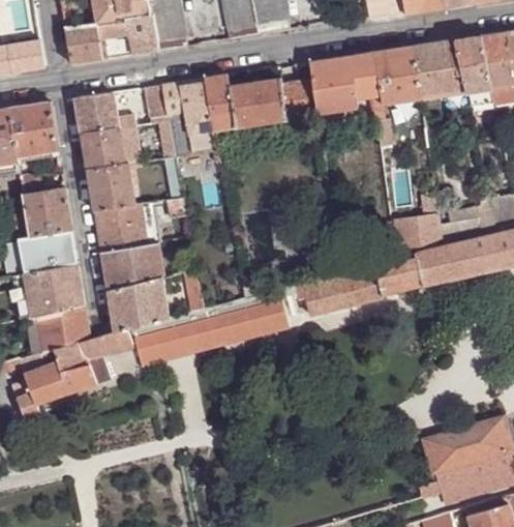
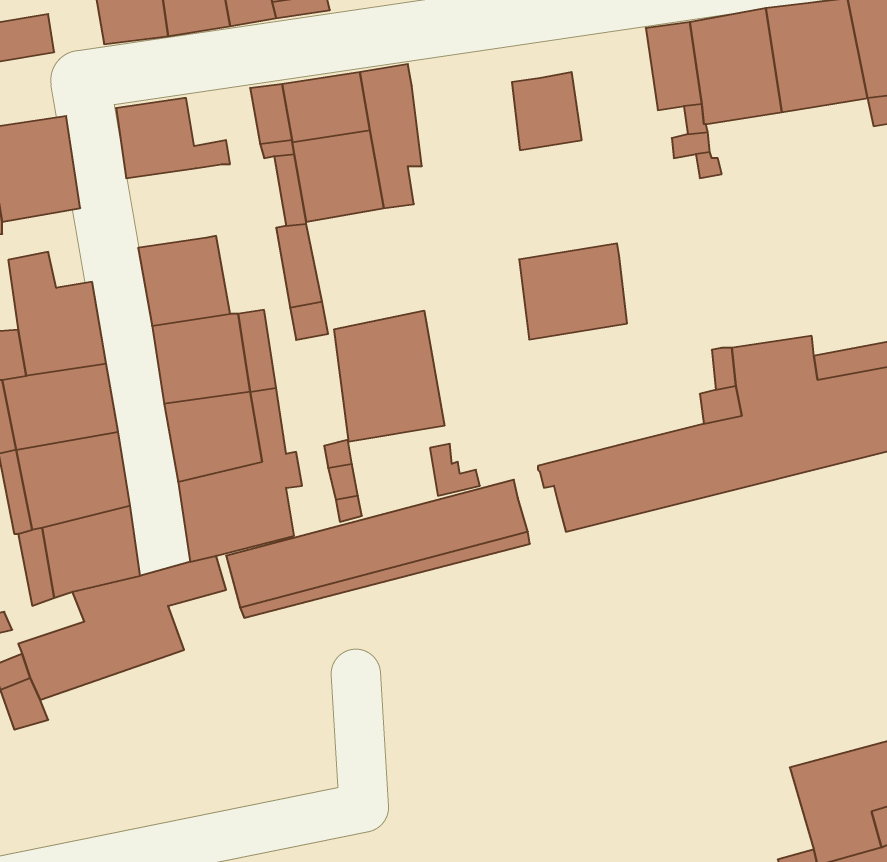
building: [310,56,358,114] -> none
building: [230,78,285,127] -> [519,243,627,339]
building: [82,126,141,170] -> none
building: none -> [334,311,444,442]

